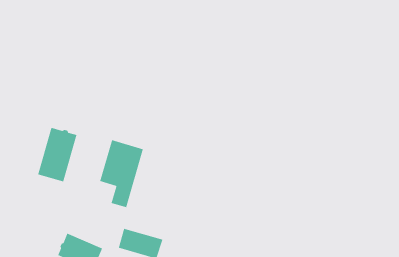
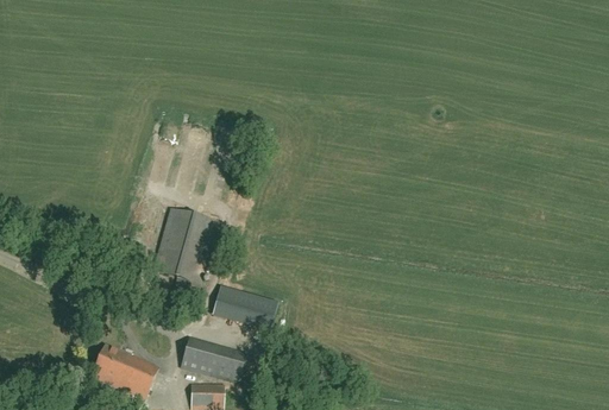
building: [37,127,78,182] -> none
building: none -> [212,284,278,329]

